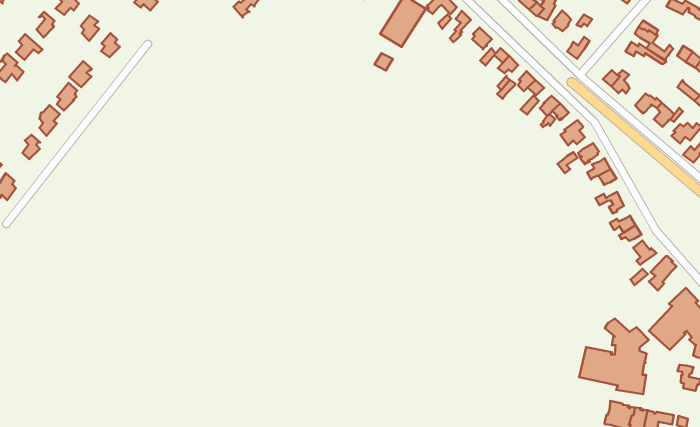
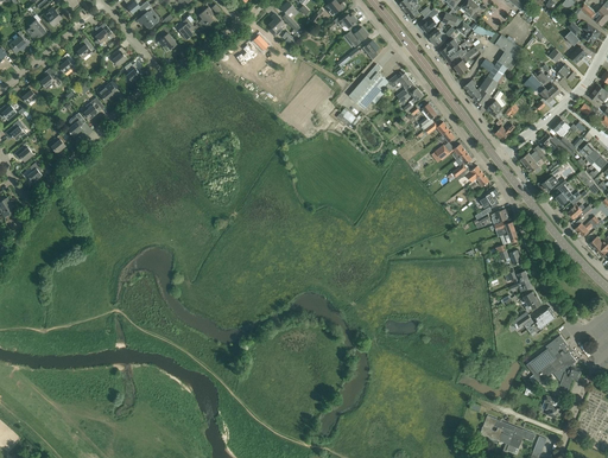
building: [579,319,649,394] -> none

